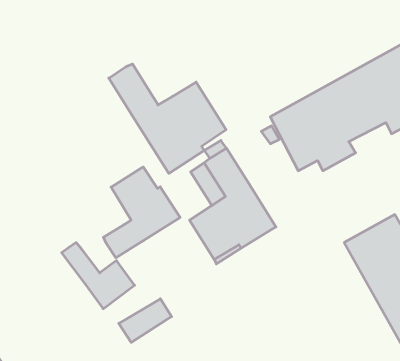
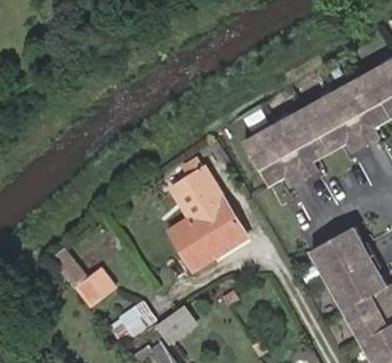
building: [109,64,226,173] -> none
building: [103,167,180,258] -> none
building: none -> [154,307,201,346]

